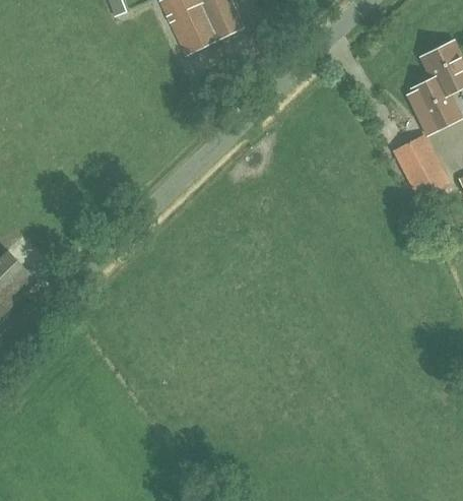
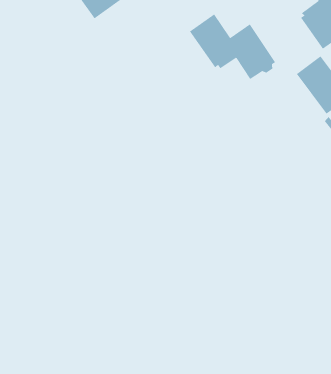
building: none -> [189,14,276,80]

